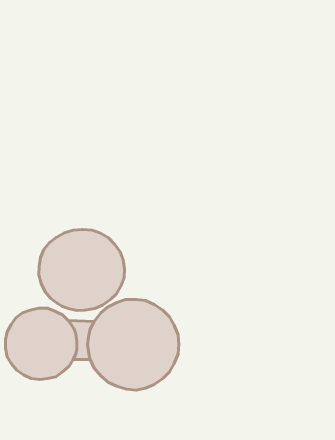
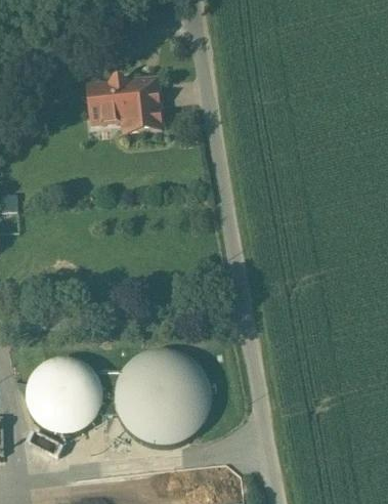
building: none -> [87,77,160,130]
building: [39,230,124,310] -> none

